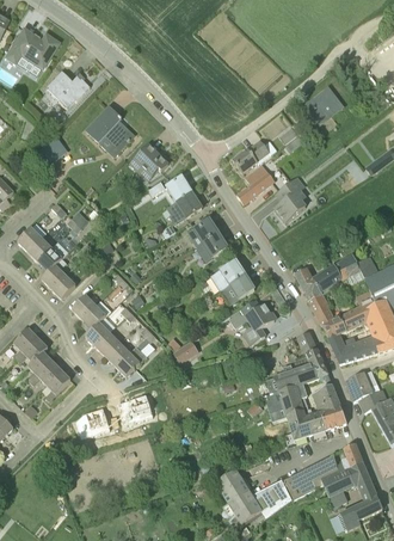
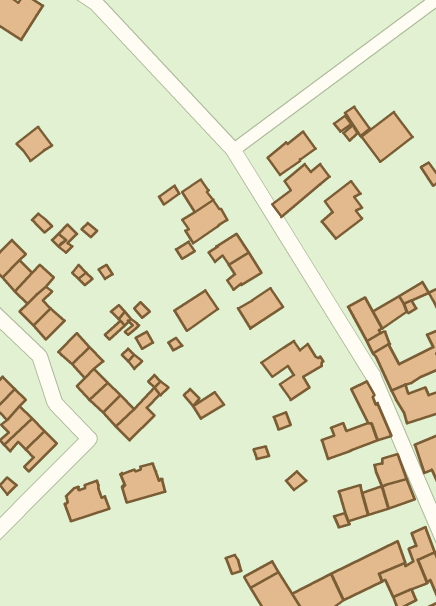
building: [45,70,90,106] -> none
building: [303,86,343,124] -> [361,112,413,162]
building: [86,105,134,149] -> none
building: [130,143,168,174] -> none
building: [221,273,254,305] -> [174,290,218,331]
building: [263,383,304,420] -> none

